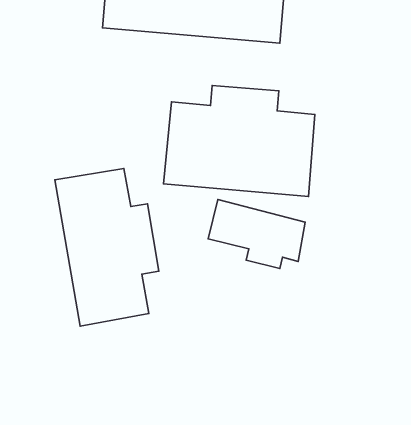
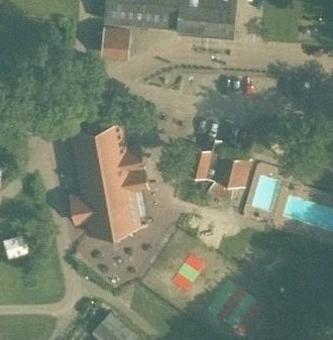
building: none -> [107,26,134,59]
building: [163,85,315,197] -> none

